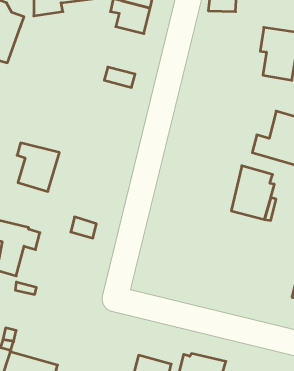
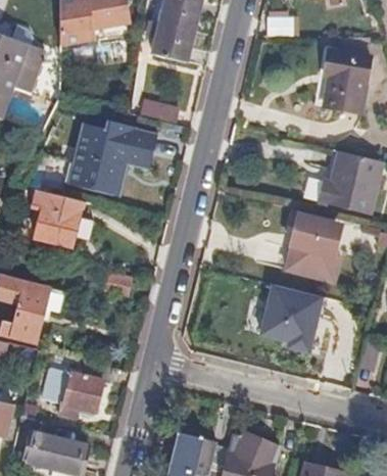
building: none -> [65,120,157,193]
building: none -> [258,283,323,353]
building: none -> [41,361,113,413]

